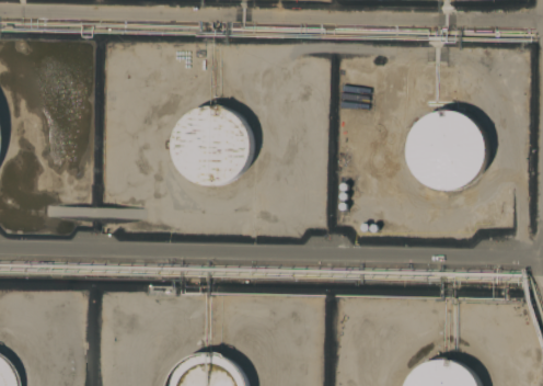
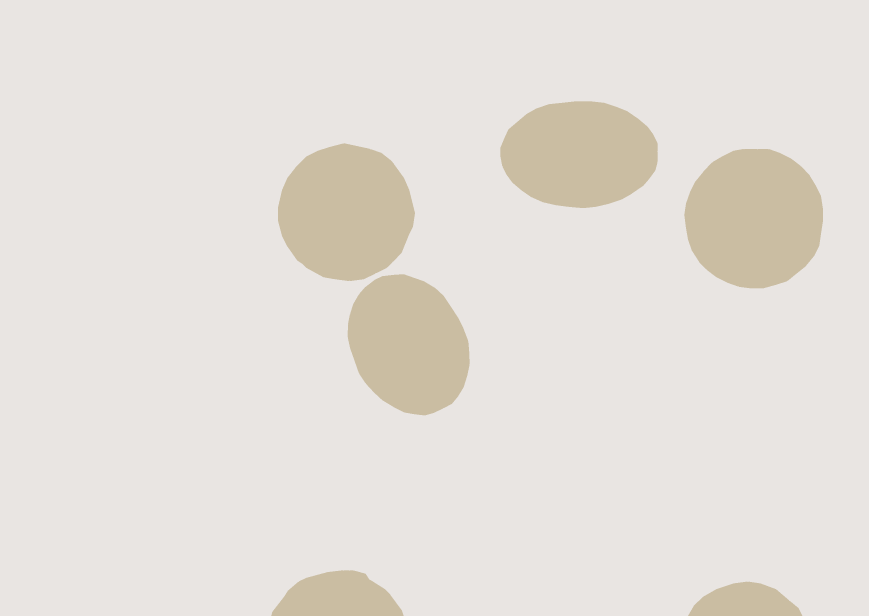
building: none -> [500,101,658,209]
building: none -> [347,274,470,416]

